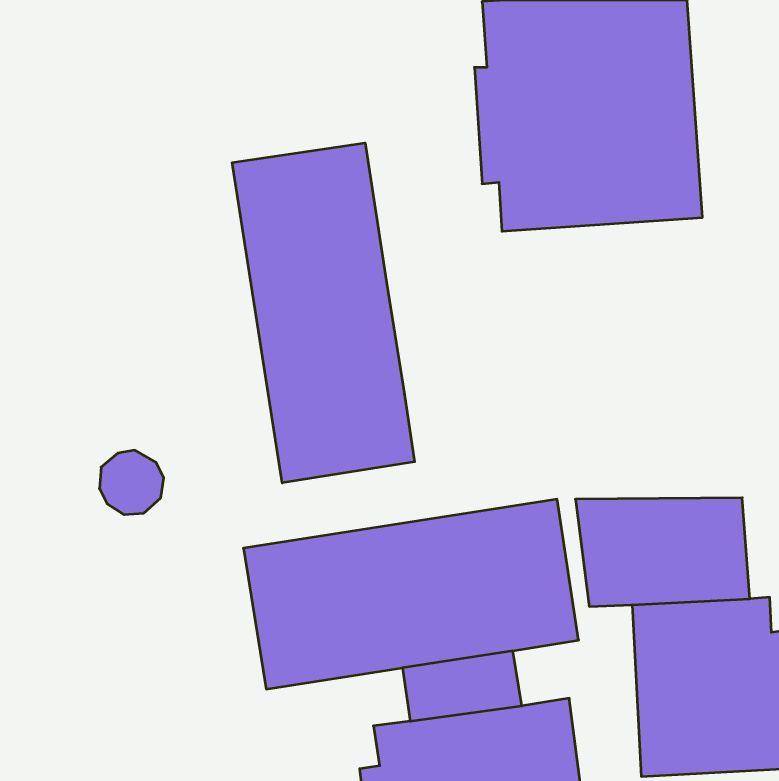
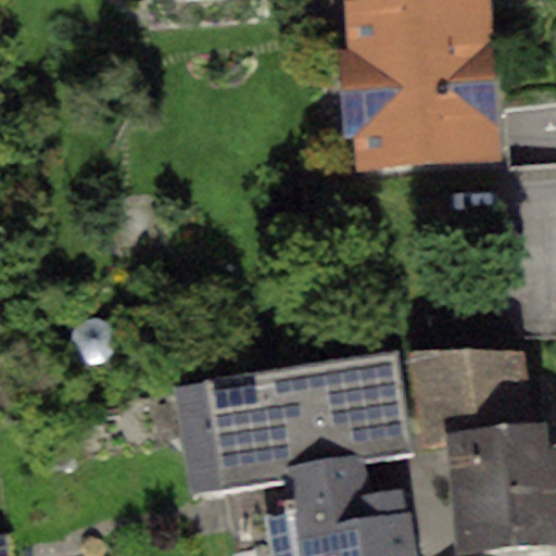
building: [232,143,415,483] -> none

